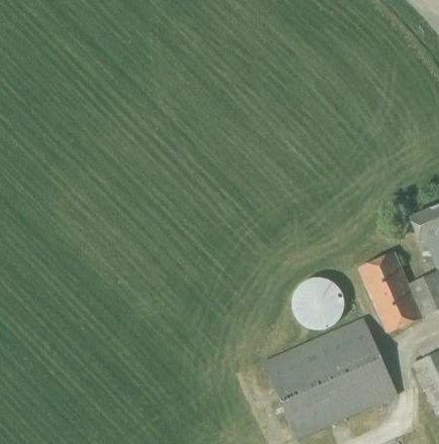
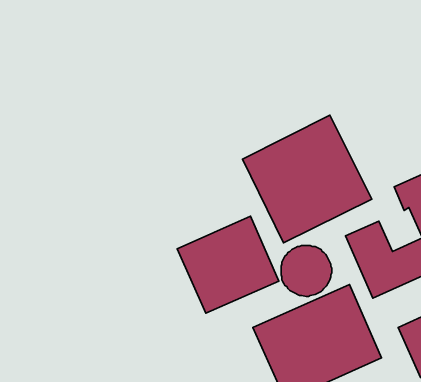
building: none -> [242,115,372,243]
building: none -> [177,216,279,313]

